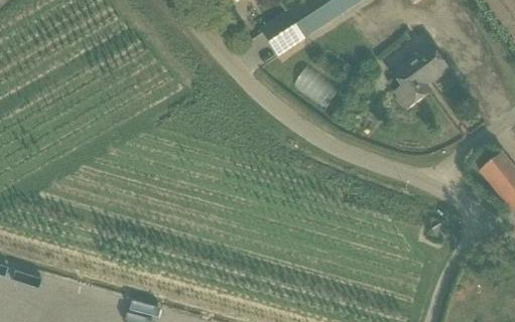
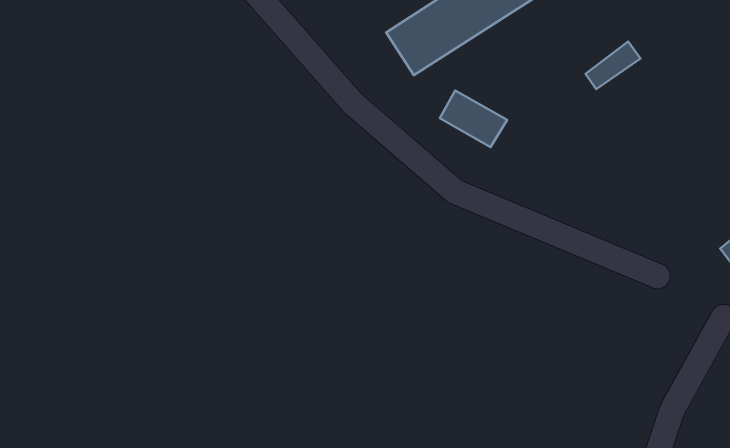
building: [392,43,450,108] -> none

